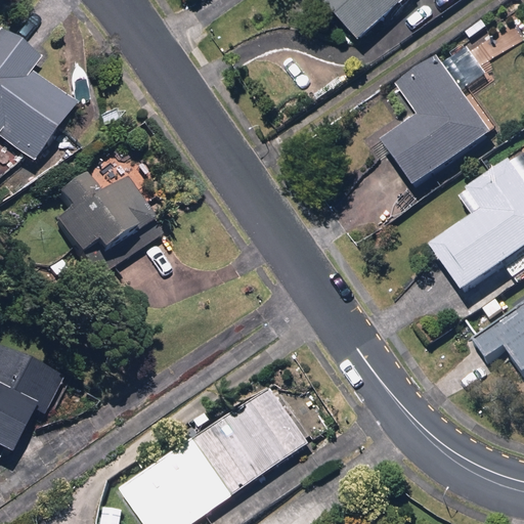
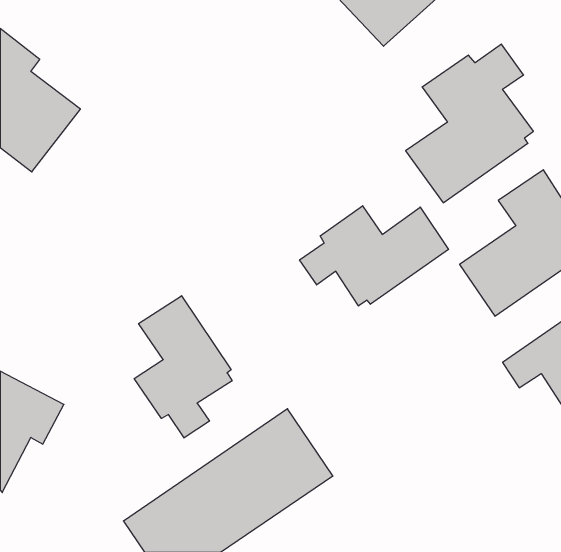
building: [53,172,163,275] -> none
building: none -> [300,206,449,306]
building: none -> [134,296,232,438]

